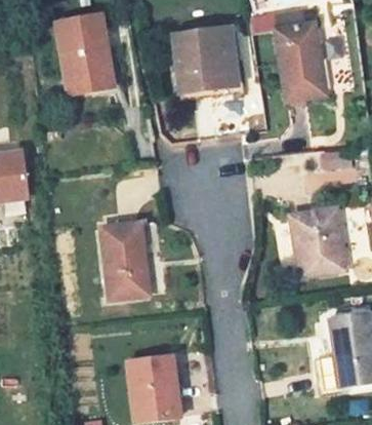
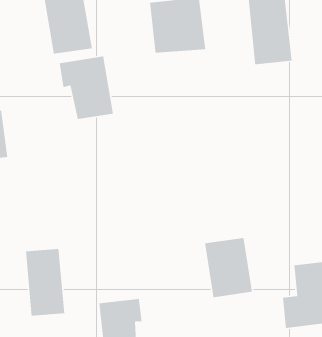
building: none -> [59,56,114,120]
building: [296,212,348,278] -> [204,237,253,298]
building: [99,222,142,296] -> [25,248,65,317]

